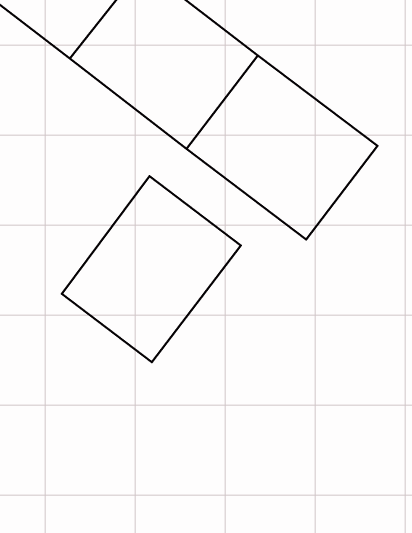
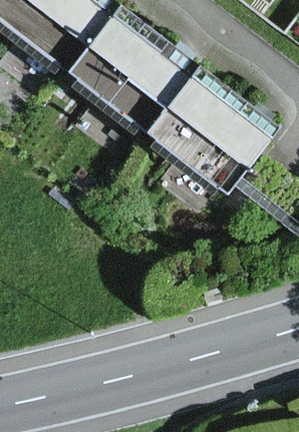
building: [62,176,241,362] -> none

